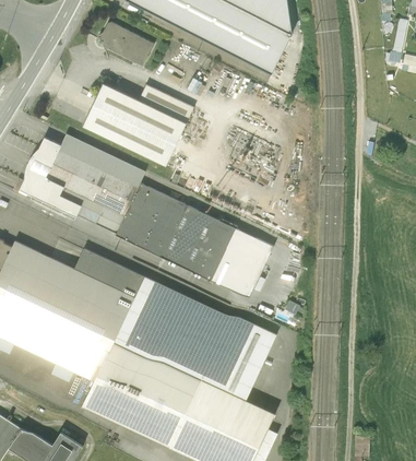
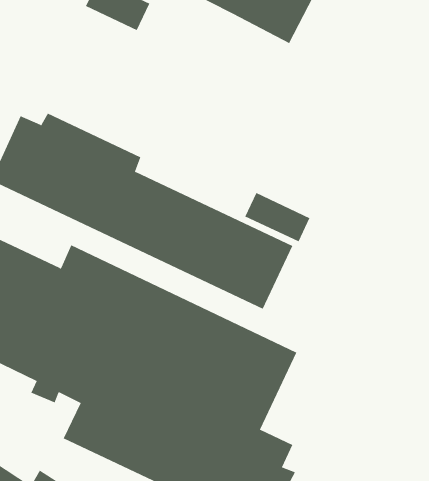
building: [82,85,191,166] -> none
building: none -> [245,192,310,242]

